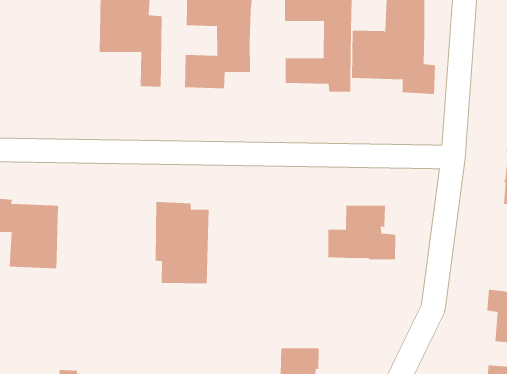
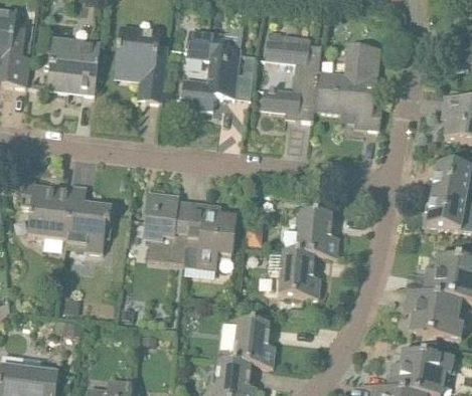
building: none -> [234,54,256,100]
building: none -> [46,37,101,100]
building: none -> [64,185,112,252]
building: none -> [184,203,235,269]
building: none -> [278,250,320,298]

